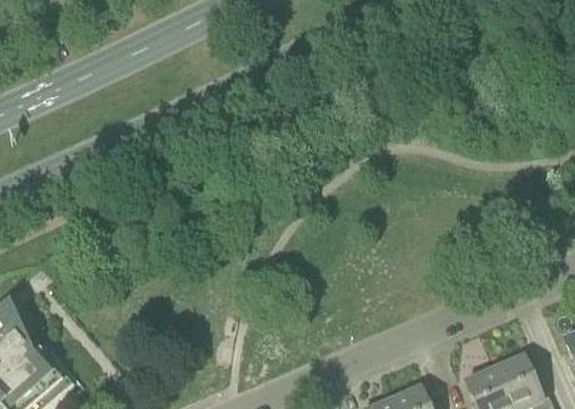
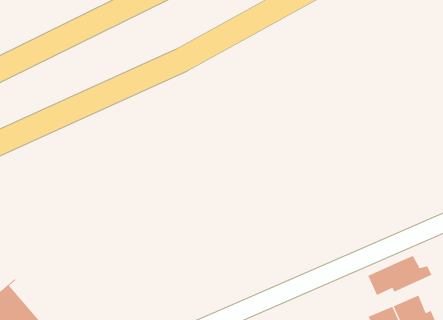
building: none -> [367,255,432,296]

